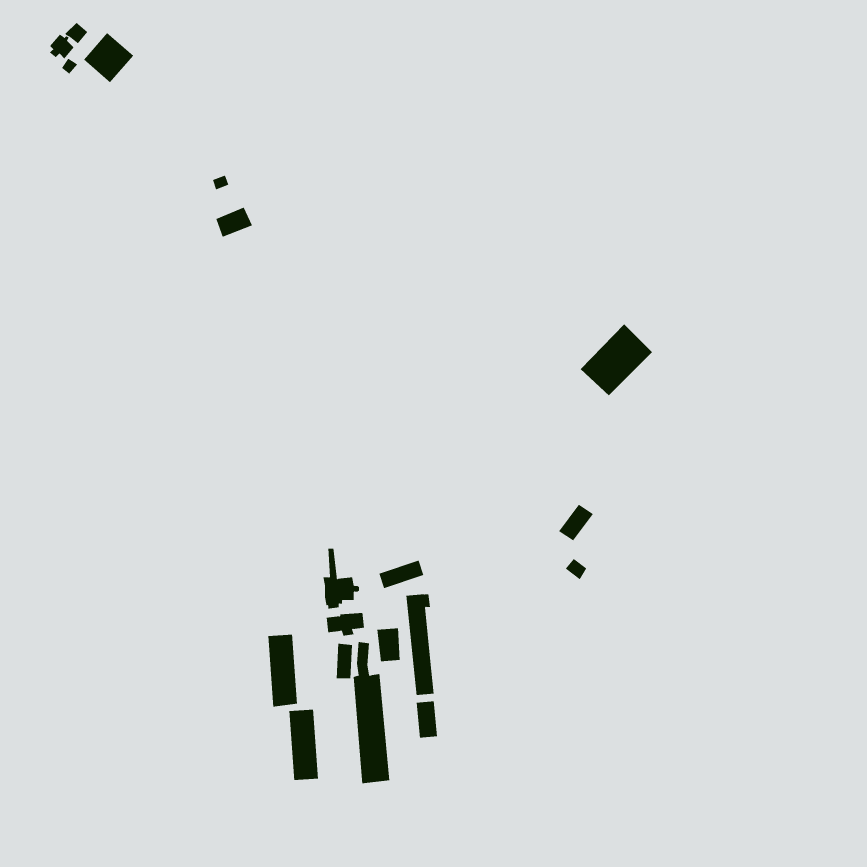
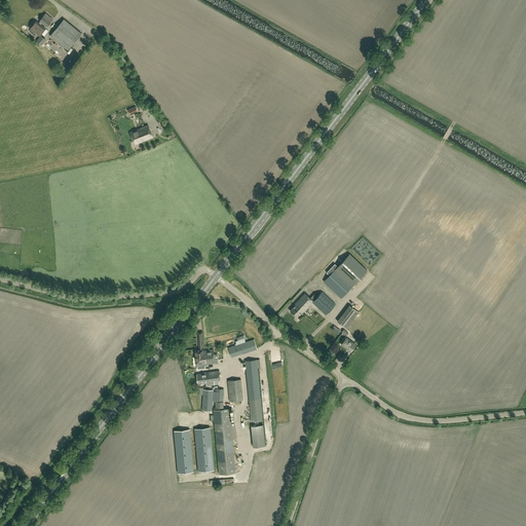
building: [580,323,653,396] -> [324,254,368,298]
building: none -> [291,292,336,316]
building: [267,634,298,707] -> [195,427,214,472]

